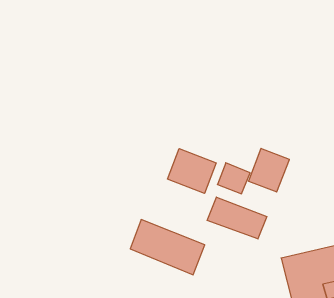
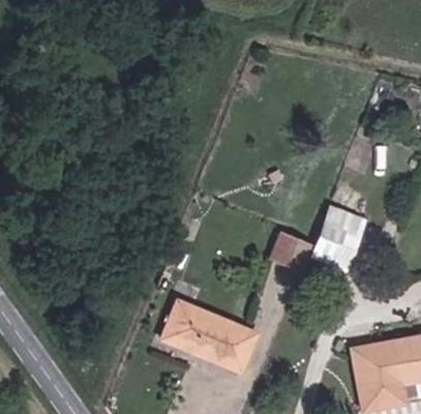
building: [167,149,216,193] -> none
building: [207,197,267,239] -> none

